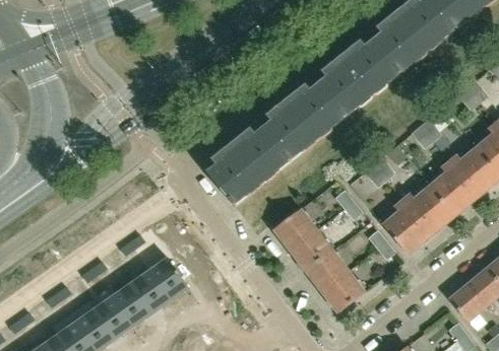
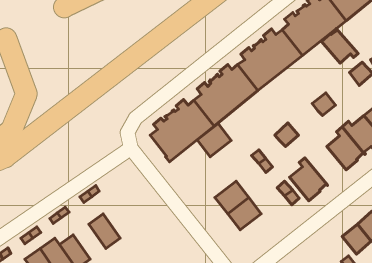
building: none -> [321,29,358,63]
building: [402,186,454,234] -> none
building: [273,208,316,250] -> [197,124,231,157]
building: [149,258,189,300] -> none
building: [321,270,364,311] -> none
building: [112,283,152,327] -> none

